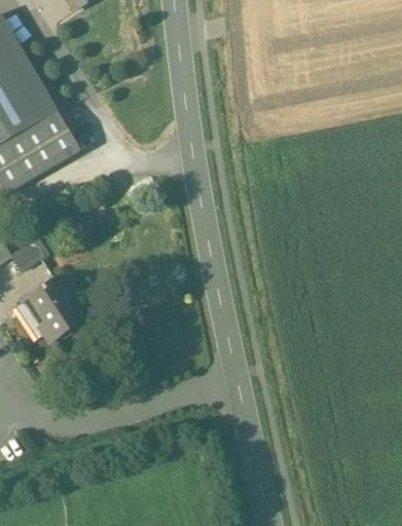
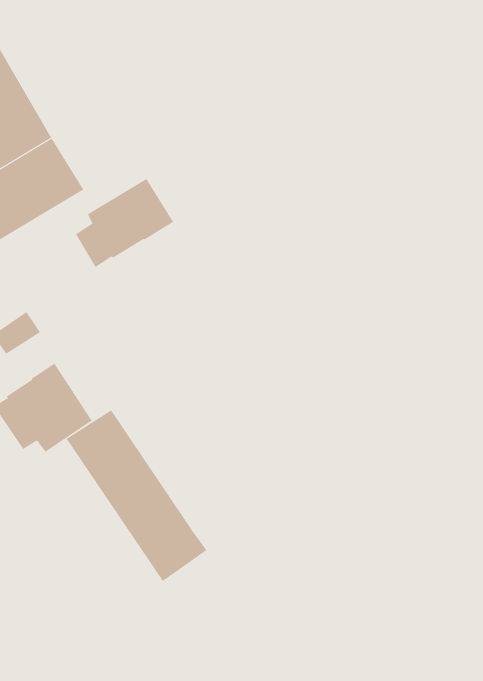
building: none -> [75,178,174,268]
building: none -> [66,409,207,582]

